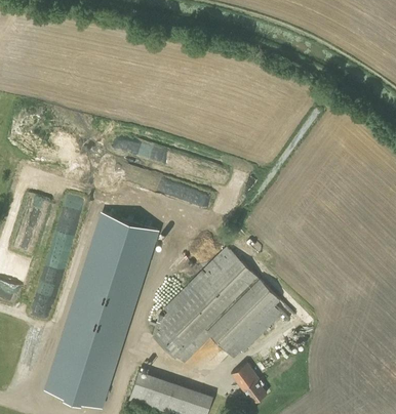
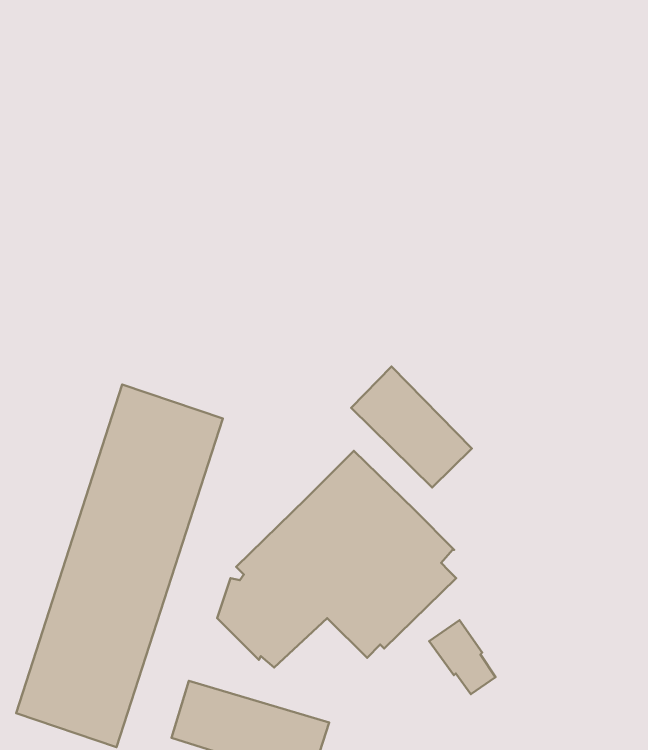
building: none -> [351,366,472,488]
building: [232,364,268,404] -> [429,620,496,694]

